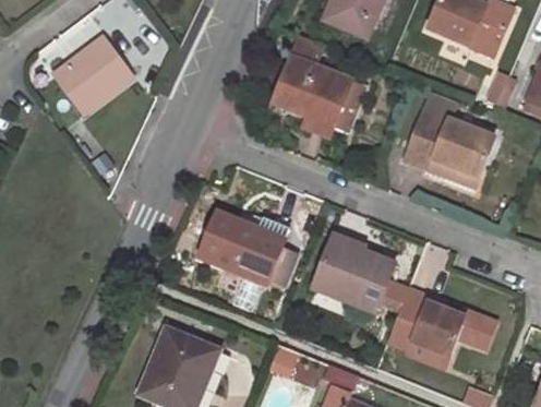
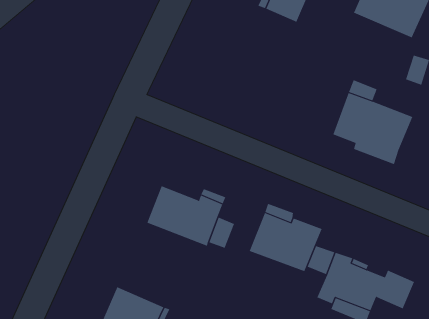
building: [51,33,133,112] -> none
building: [274,35,366,136] -> none

